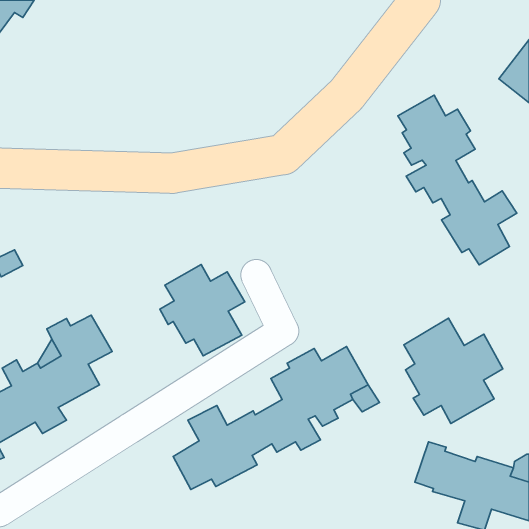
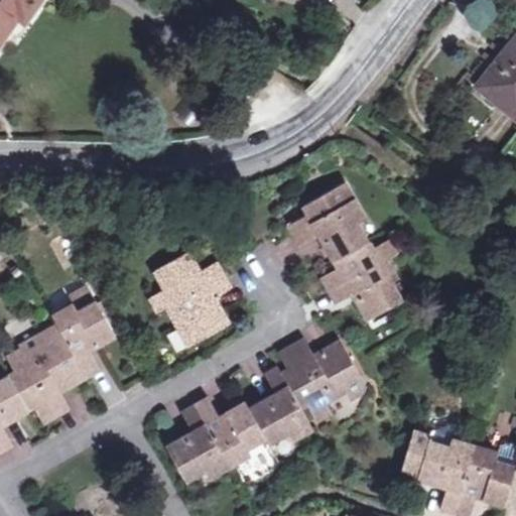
building: [398,95,517,265] -> none
building: none -> [284,183,392,320]
building: [404,318,503,424] -> none

